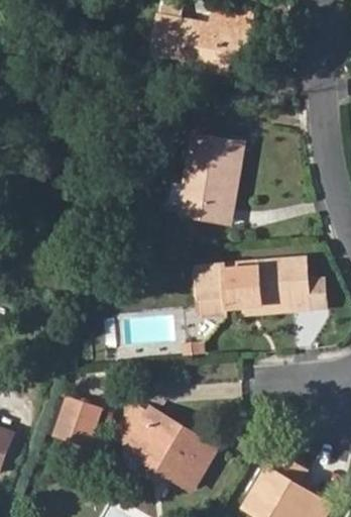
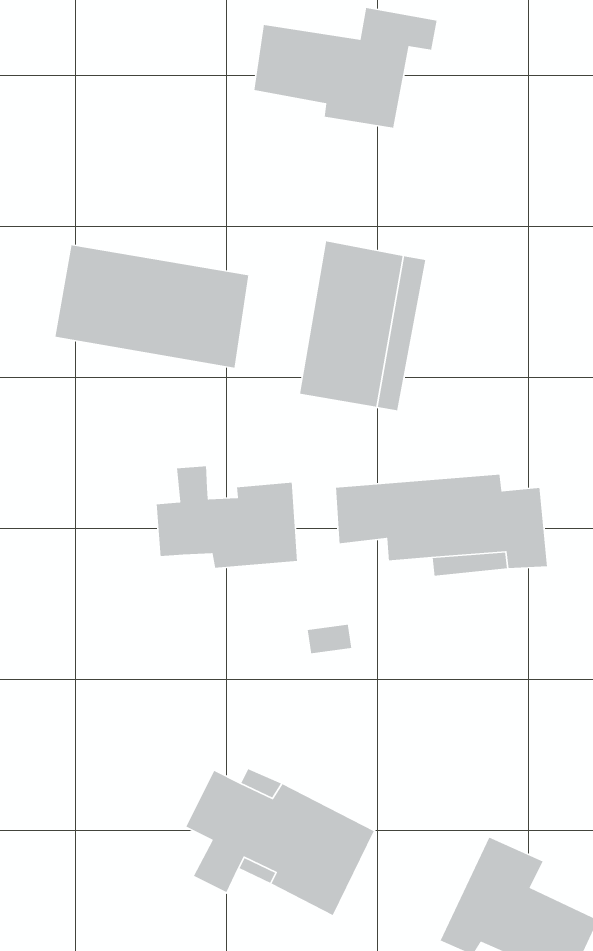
building: none -> [54,244,249,369]
building: none -> [156,466,298,569]
building: [47,403,93,452] -> none

